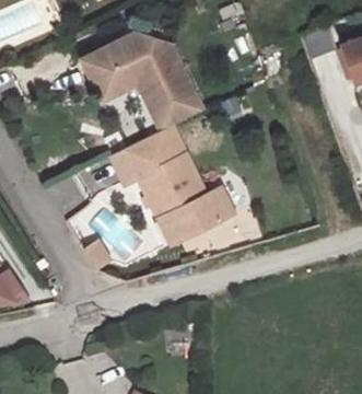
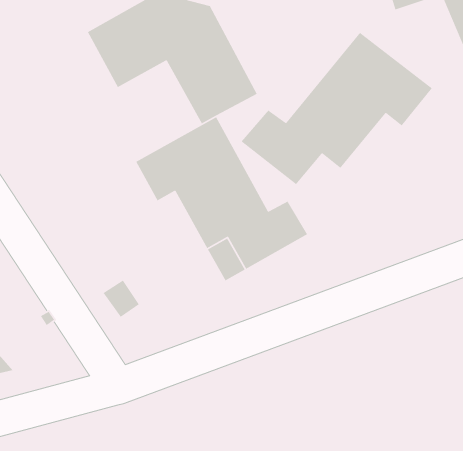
building: none -> [240,32,433,185]

